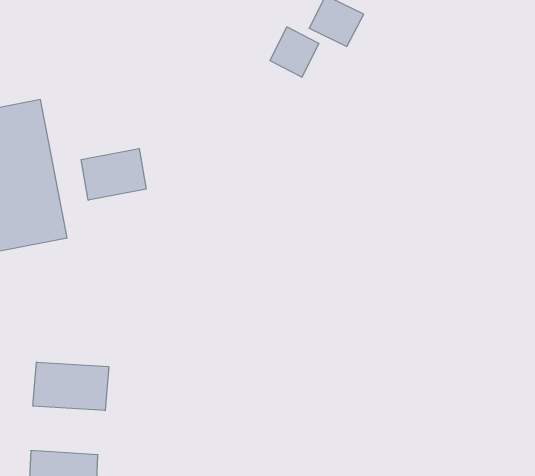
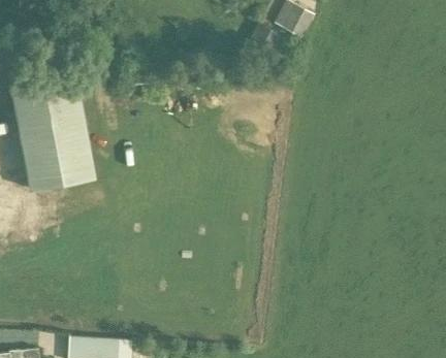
building: [81,148,146,200] -> none
building: [33,362,109,411] -> none

